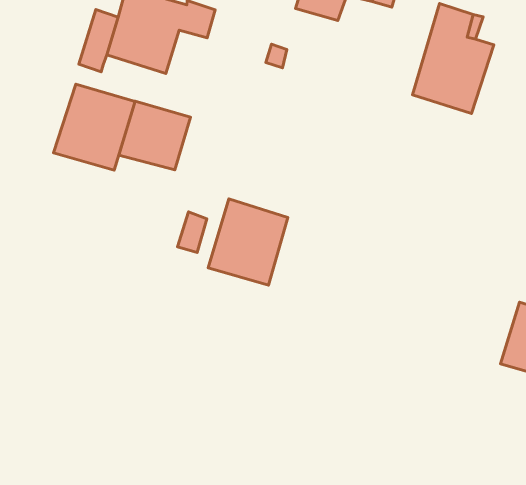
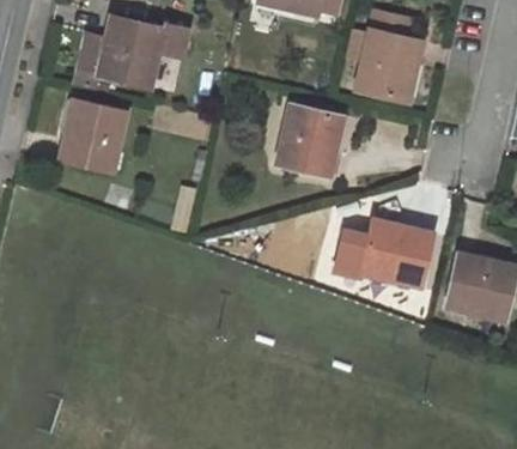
building: [119,101,191,170] -> none
building: [208,199,288,285] -> [279,104,342,174]
building: none -> [335,219,432,285]

